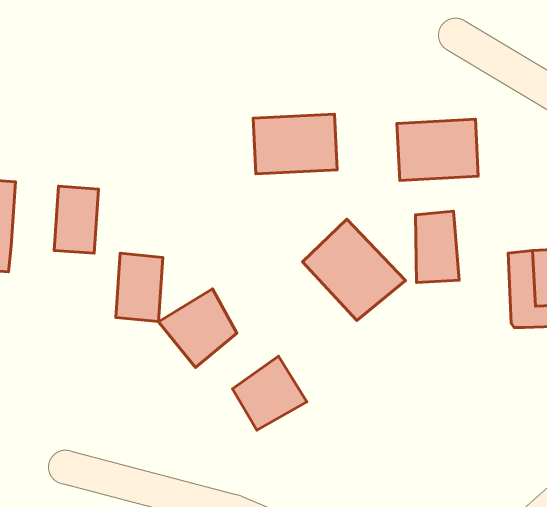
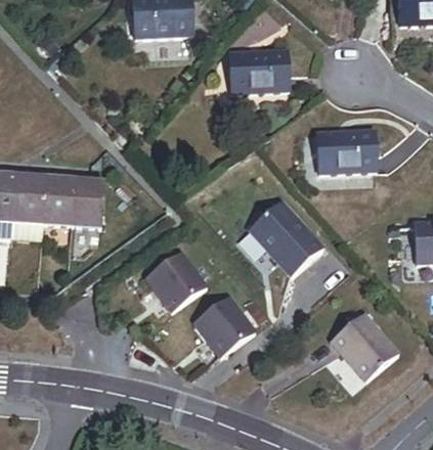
building: [253,114,337,174] -> [228,49,289,92]
building: [416,211,459,282] -> none
building: [116,253,163,322] -> [41,174,75,223]
building: none -> [329,311,398,380]

